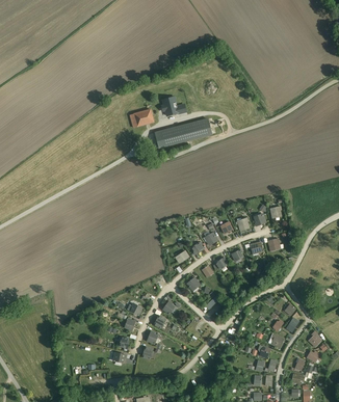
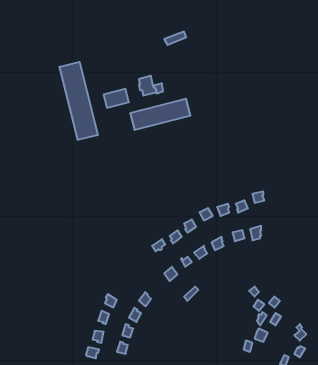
building: none -> [59,62,98,140]

